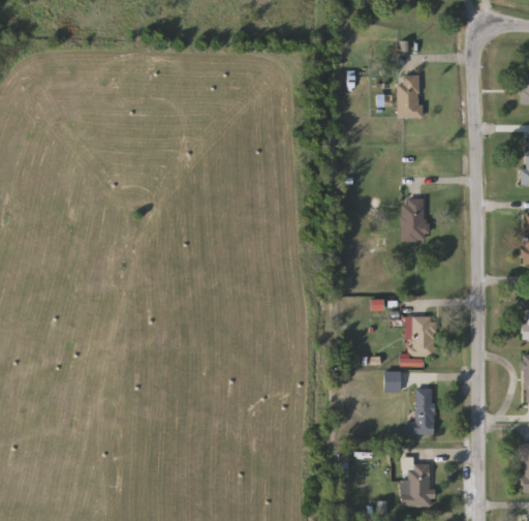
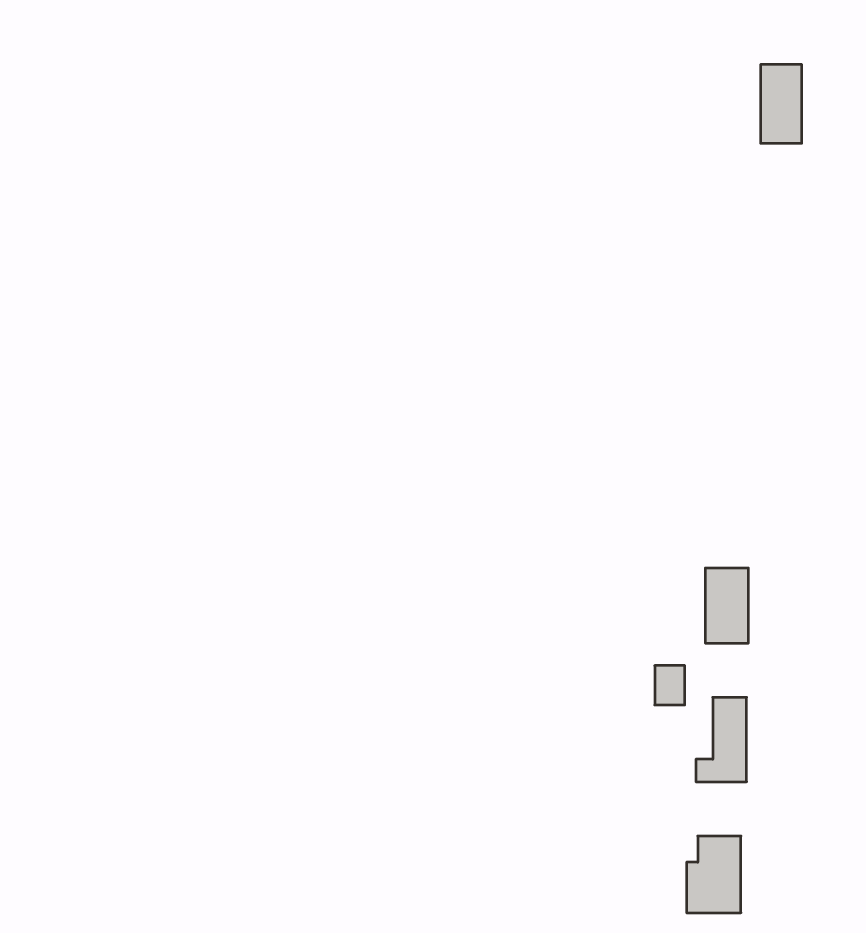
building: [397,74,419,118] -> [761,65,802,143]
building: [401,198,425,241] -> none

